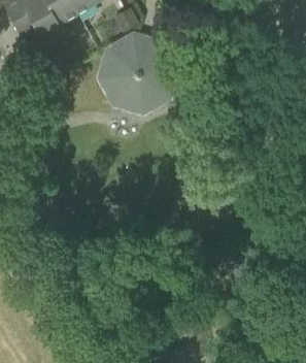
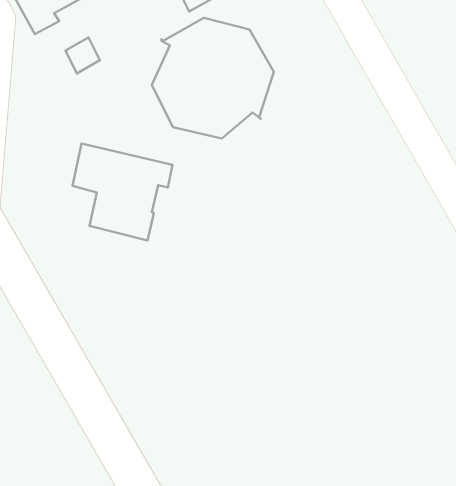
building: none -> [72,144,173,241]

